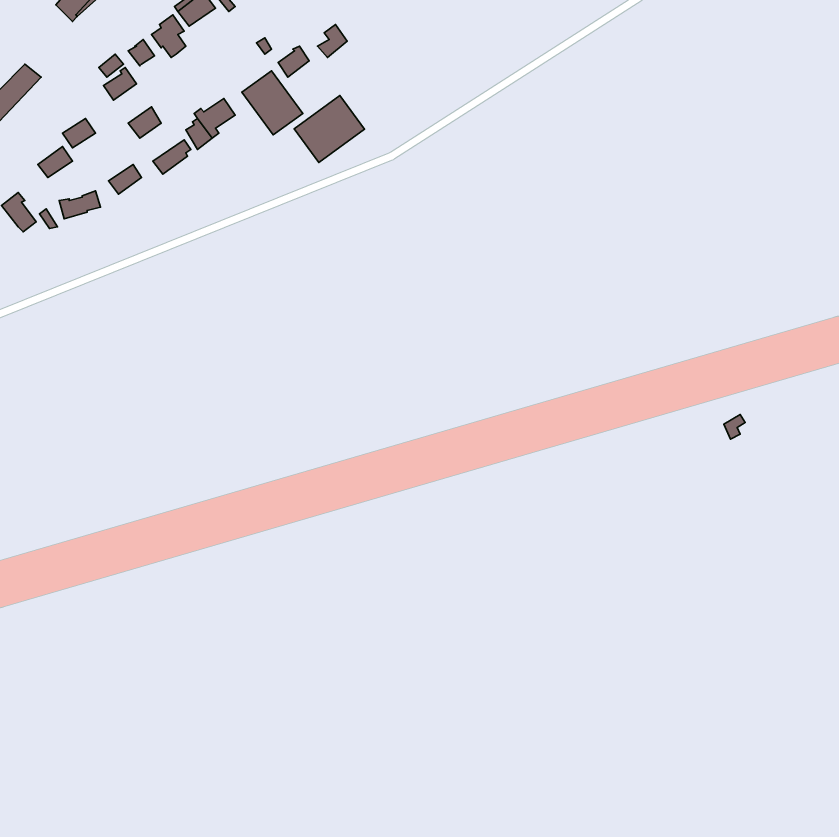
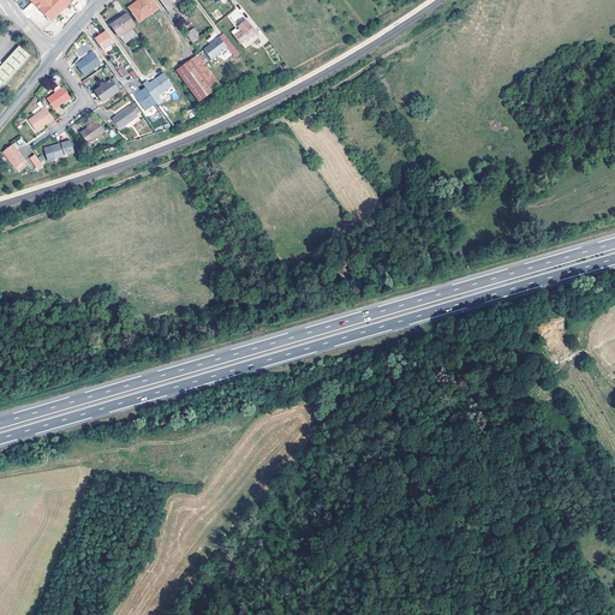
building: [294,96,365,162] -> none

